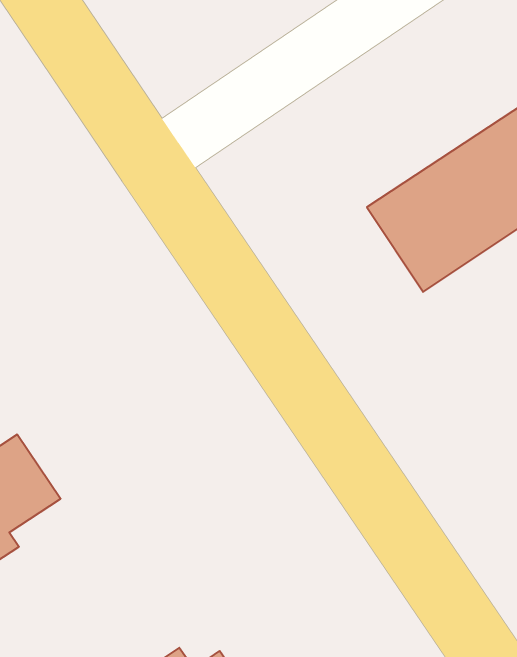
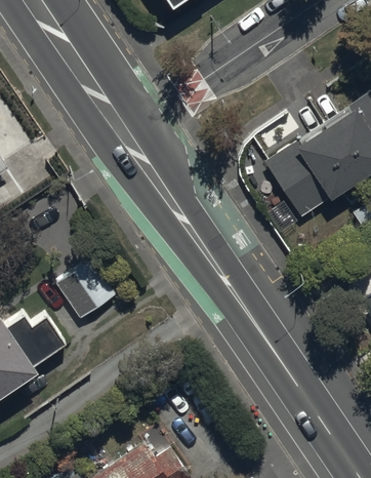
building: none -> [57,257,118,319]

